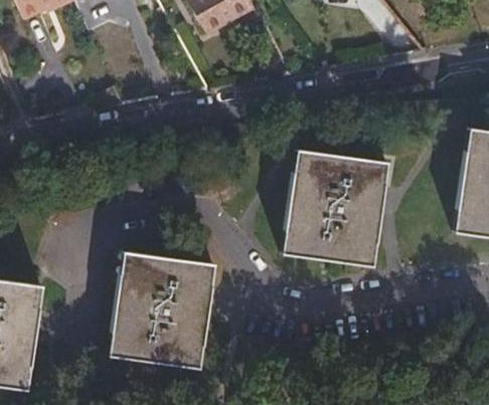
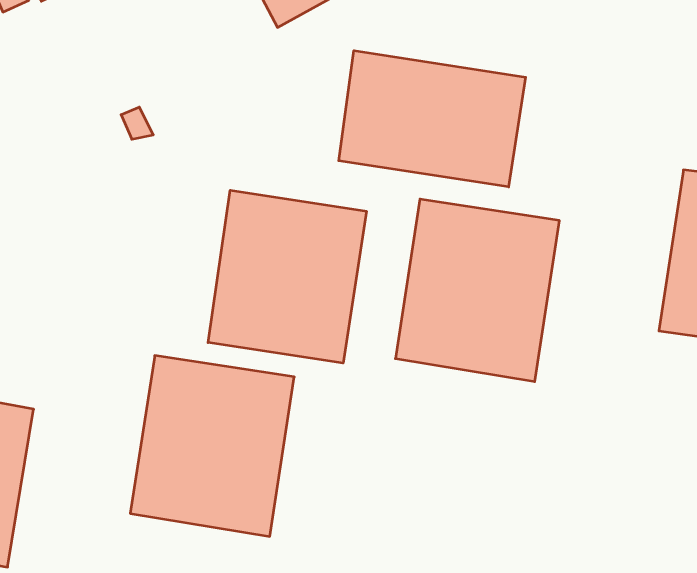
building: none -> [339,51,526,187]
building: none -> [208,190,366,363]

